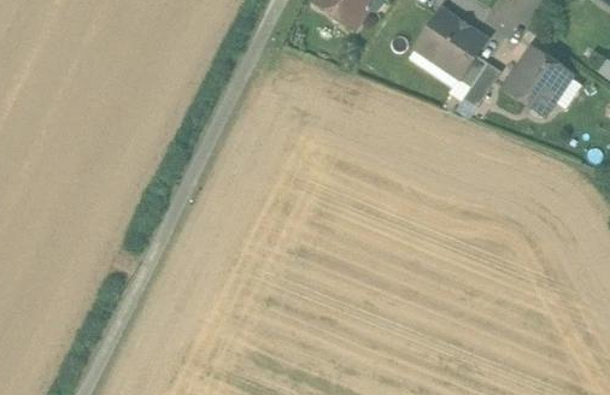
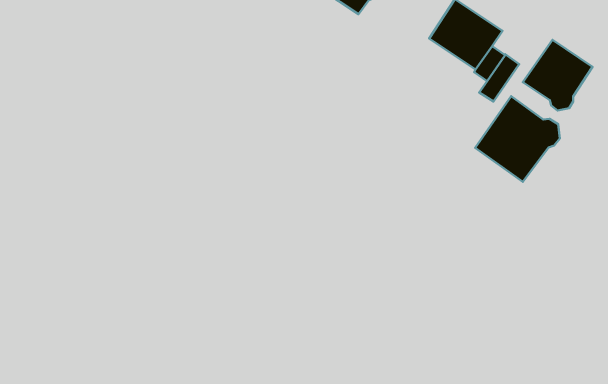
building: none -> [475,96,560,182]

